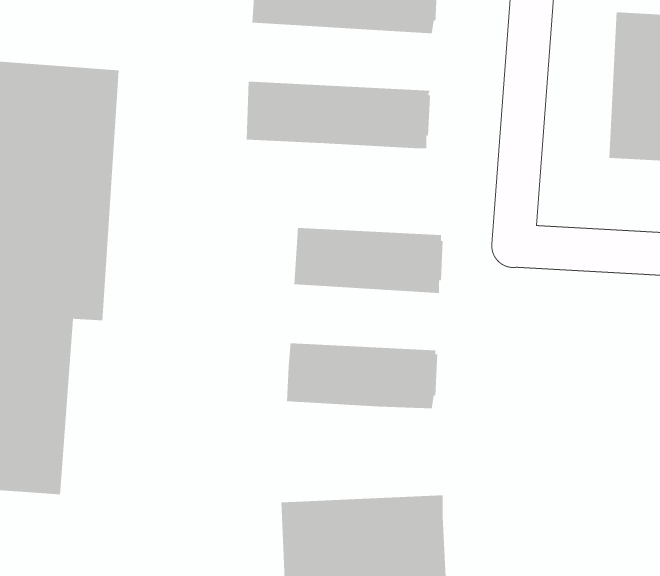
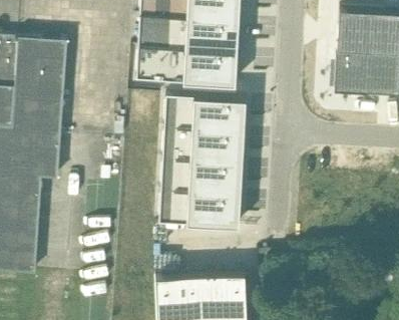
building: none -> [137,13,240,50]
building: none -> [164,92,247,129]
building: none -> [160,156,244,193]

